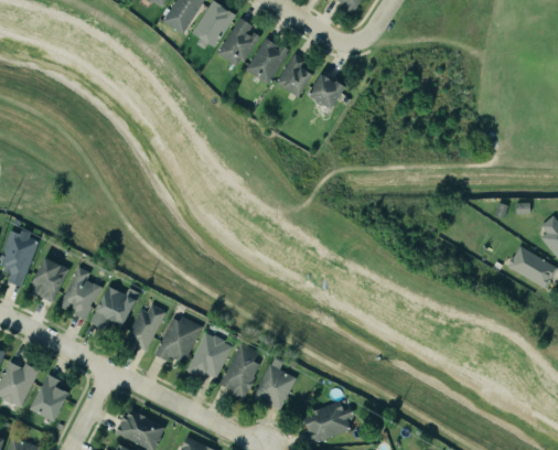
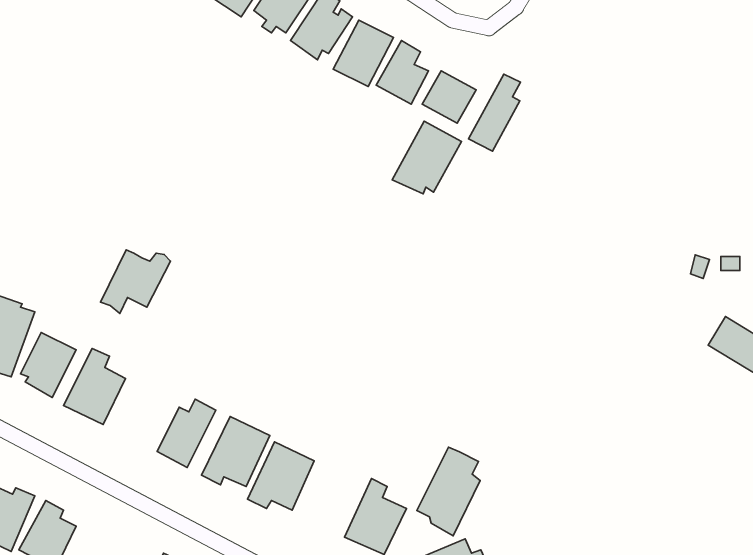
building: none -> [468,74,520,151]
building: none -> [392,121,461,194]
building: [89,285,138,329] -> [101,250,170,313]
building: [216,340,260,401] -> [417,447,480,536]

